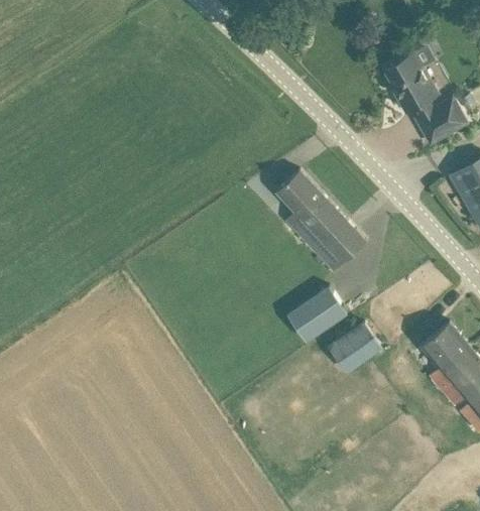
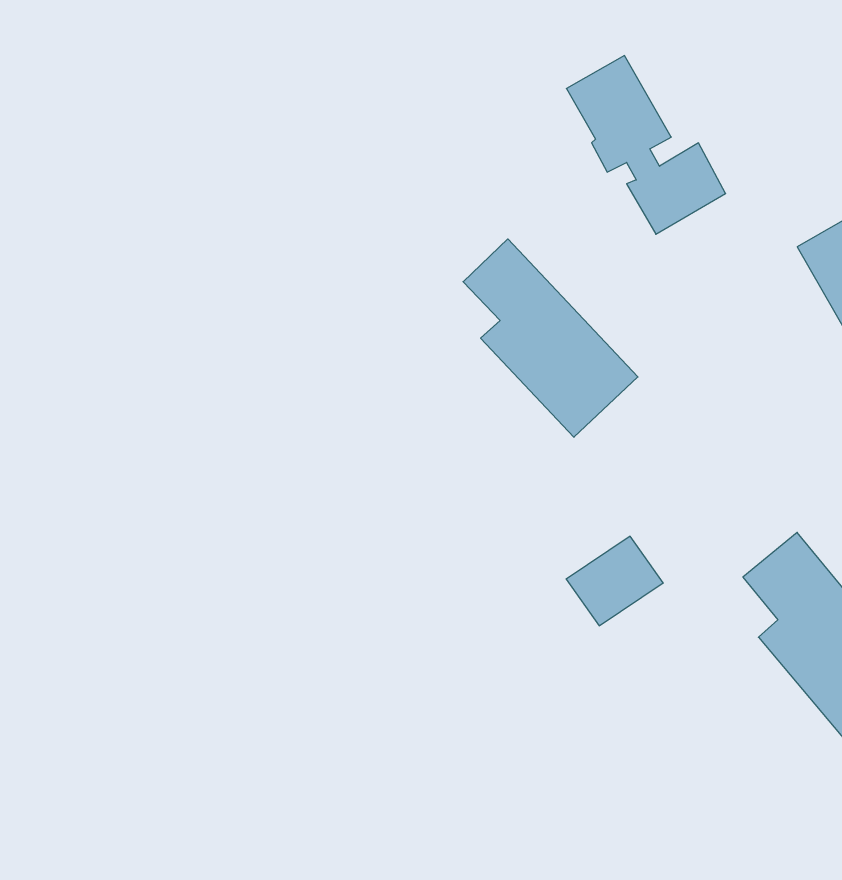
building: [385,51,468,144] -> [566,56,726,234]
building: [288,285,349,342] -> none

